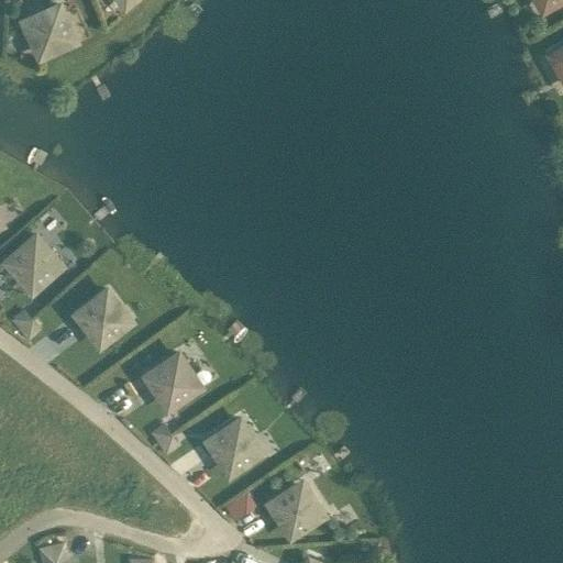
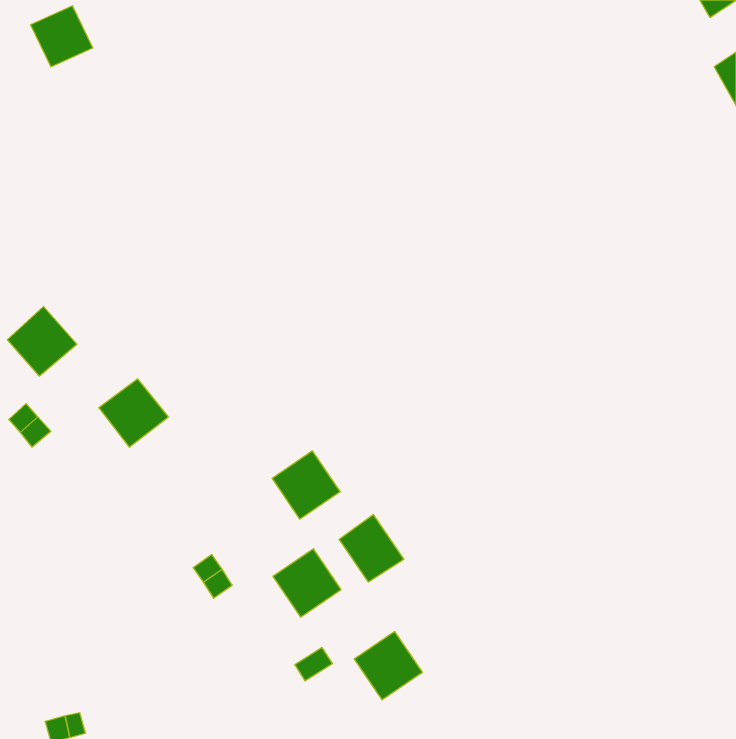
building: [145,353,197,405] -> [272,451,340,519]
building: none -> [339,515,404,582]

